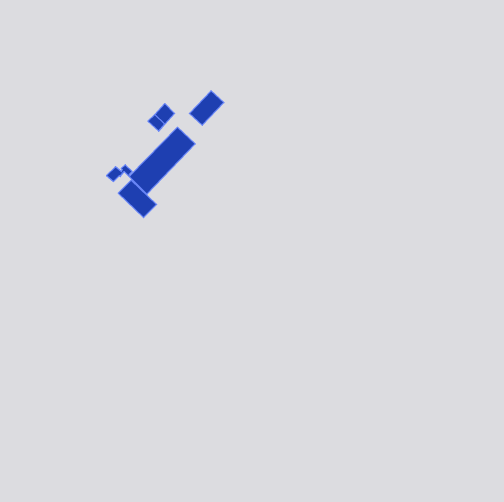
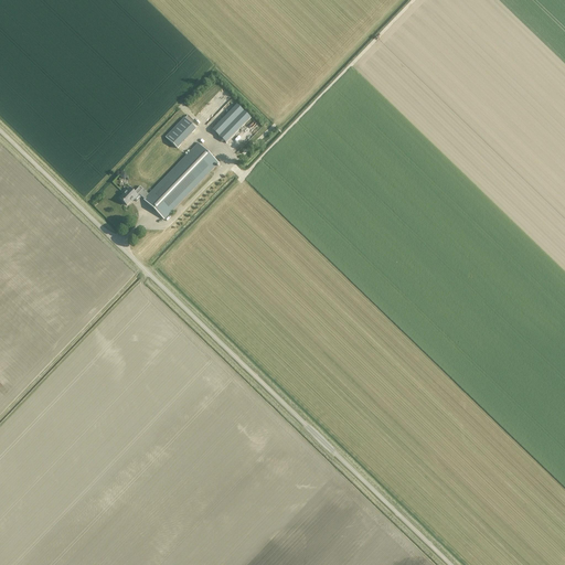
building: [118,180,157,218] -> none

